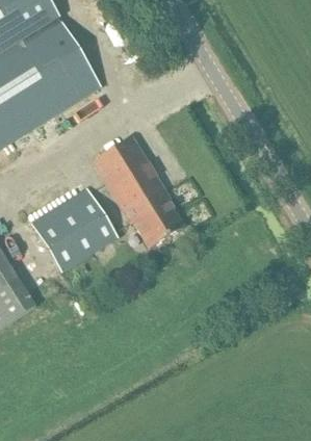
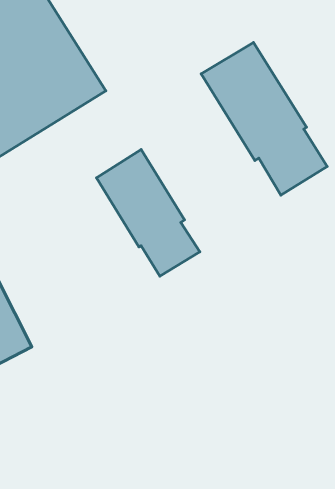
building: none -> [201,43,327,195]
building: [36,193,118,269] -> none

